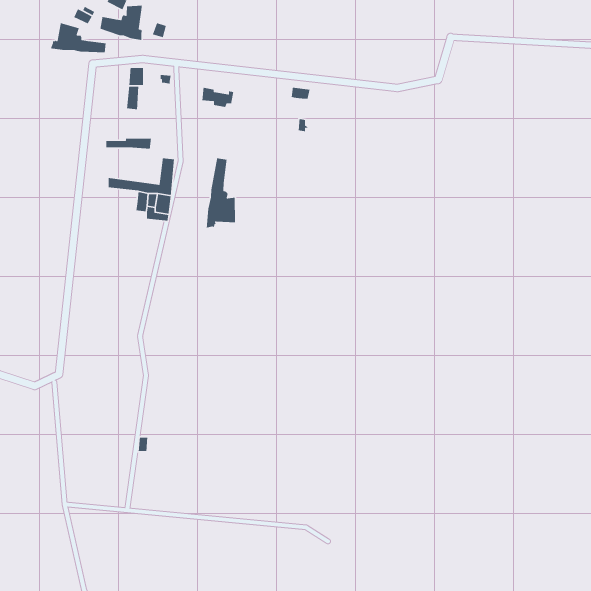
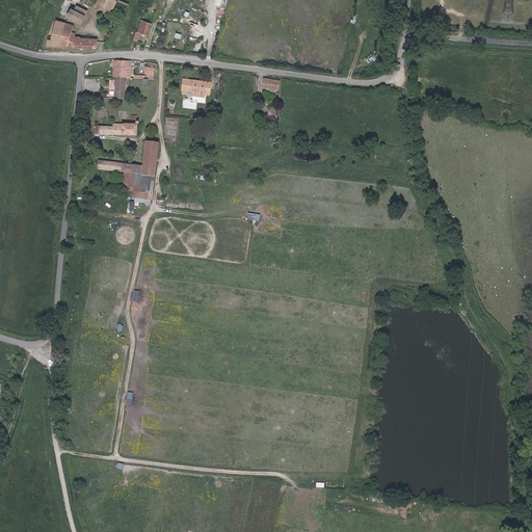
building: [99,5,143,41] -> none
building: [206,158,236,228] -> none

